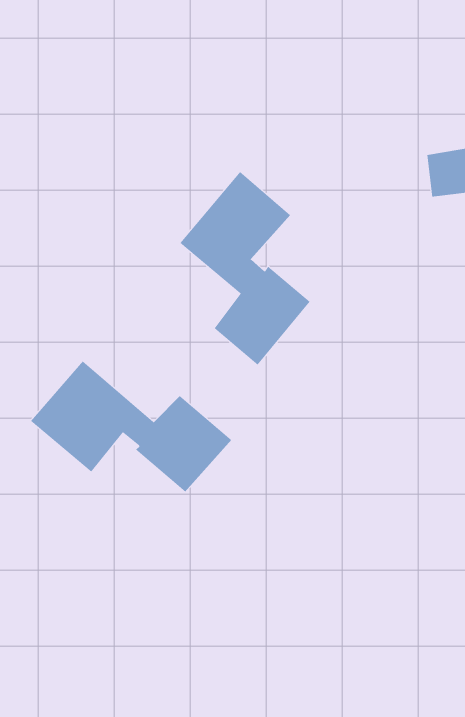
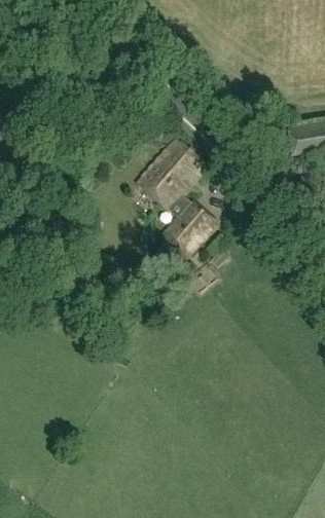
building: [30,360,232,492] -> none

